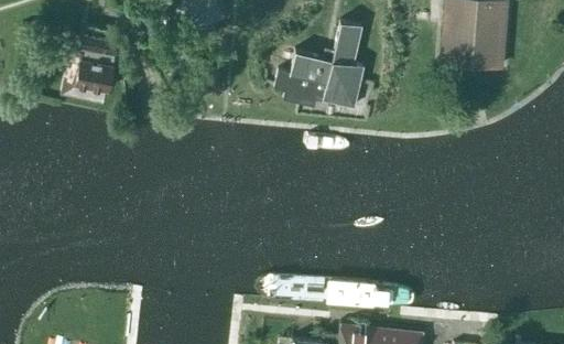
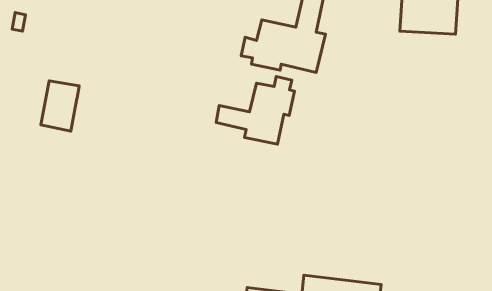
building: [76,39,117,93] -> [41,81,79,131]
building: none -> [216,77,295,144]

